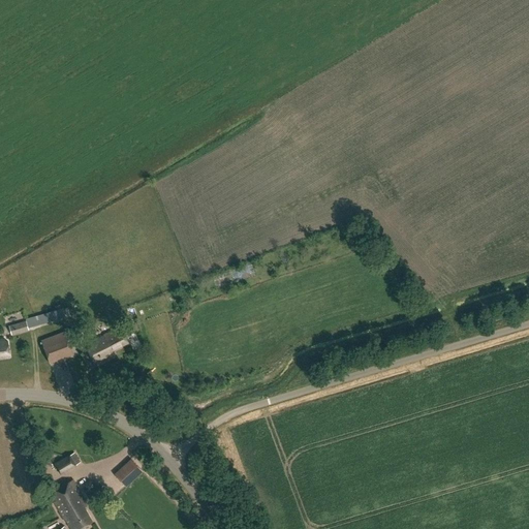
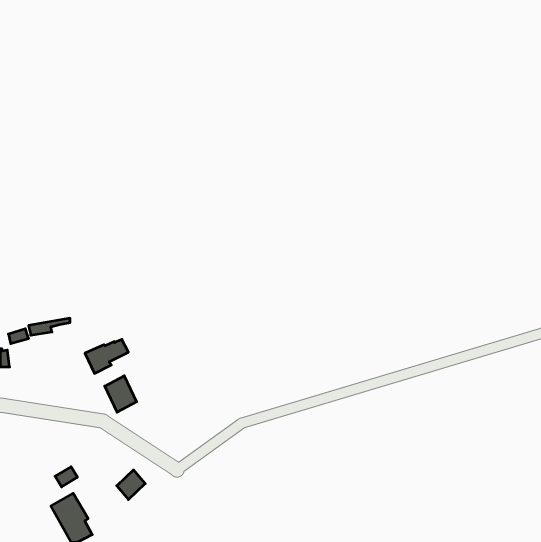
building: [41,332,73,364] -> none
building: none -> [105,376,137,412]

